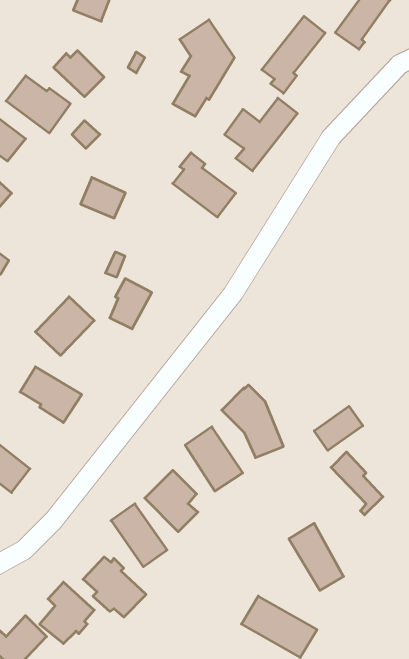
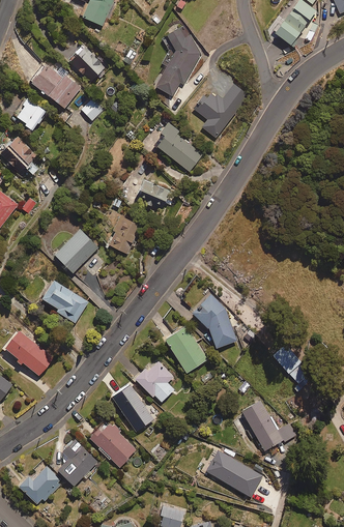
building: [262,16,325,93] -> none
building: [81,177,125,218] -> [136,179,169,209]
building: [314,406,363,450] -> none

